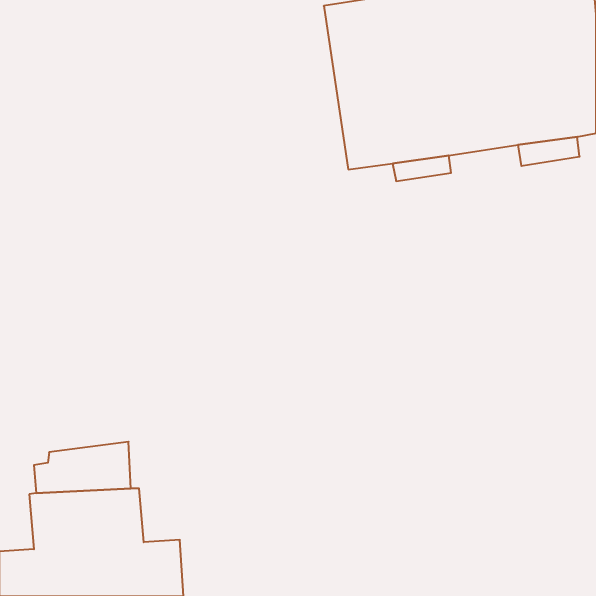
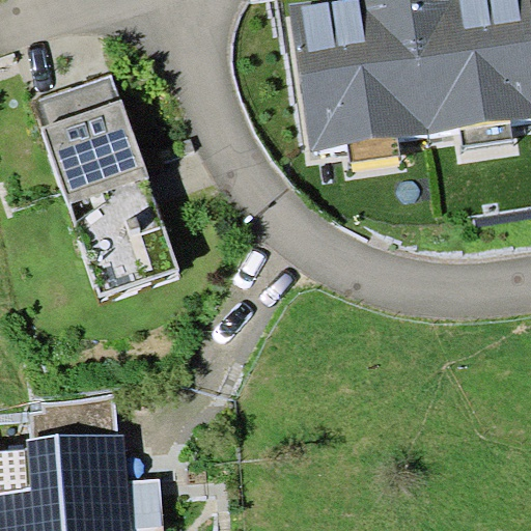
building: none -> [33,75,178,295]

